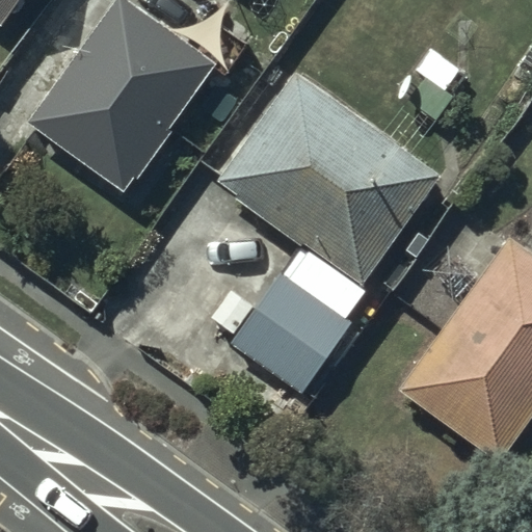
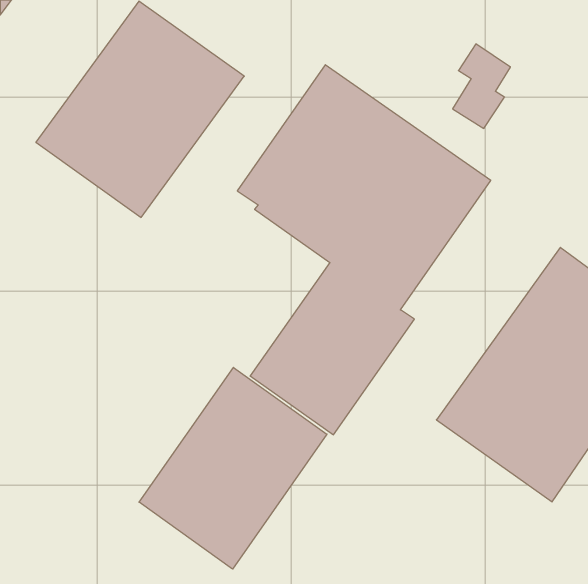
building: none -> [139,367,327,569]

